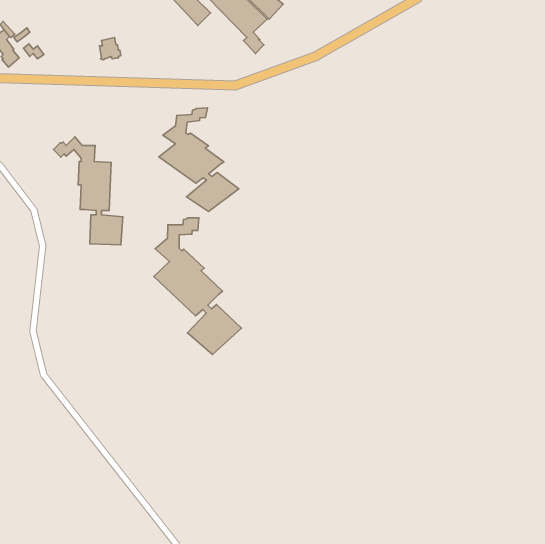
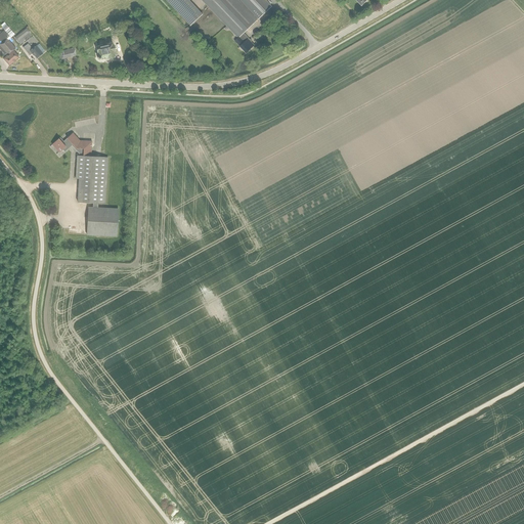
building: [159,108,239,212] -> none
building: [154,218,241,355] -> none

